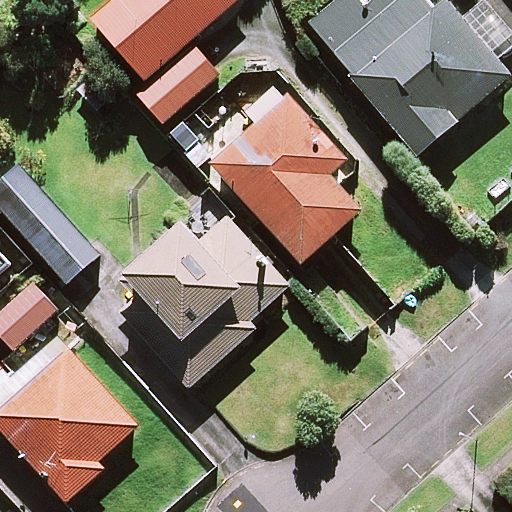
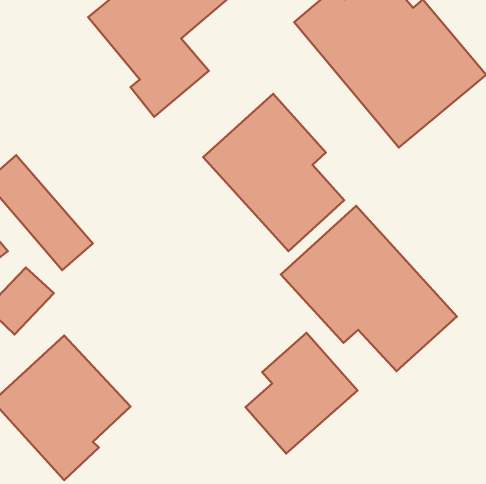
building: [105,202,285,387] -> none
building: none -> [281,206,457,371]
building: none -> [246,333,358,453]

